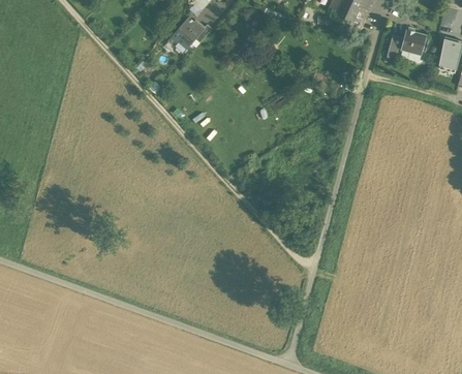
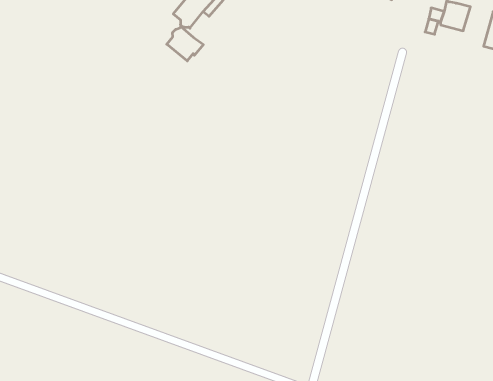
building: none -> [167,27,203,61]

